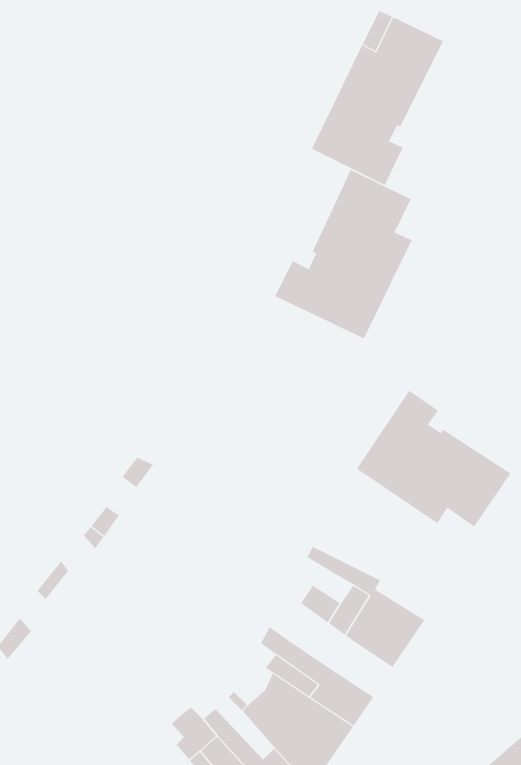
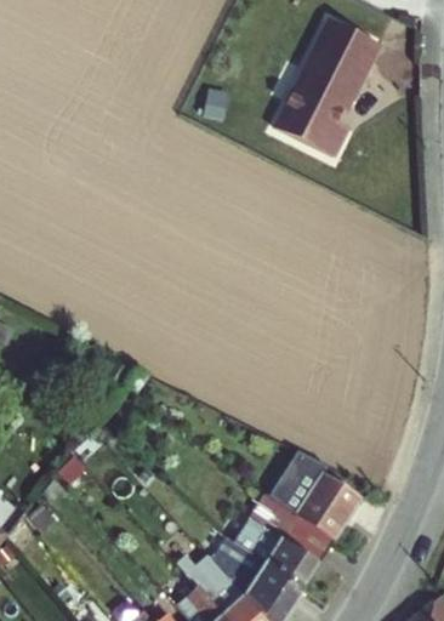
building: [274,169,413,339] -> none
building: [356,390,511,527] -> none
building: none -> [289,513,338,559]

